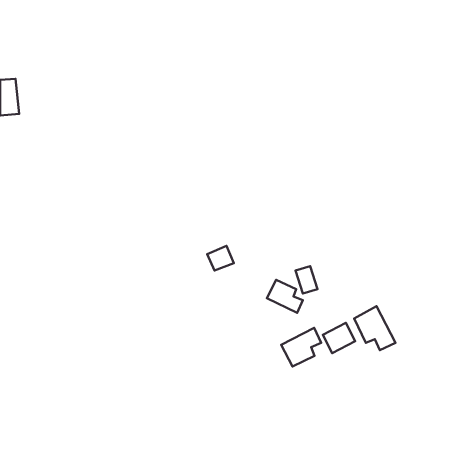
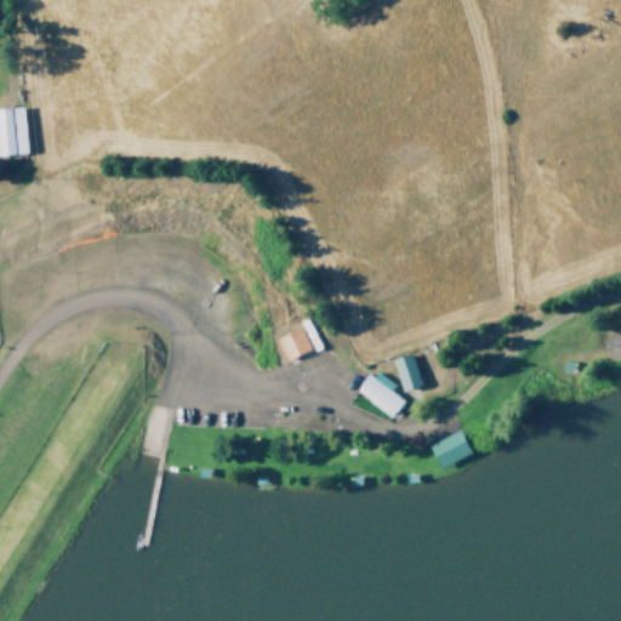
building: [354,306,396,350] -> none
building: [281,328,321,366] -> none

